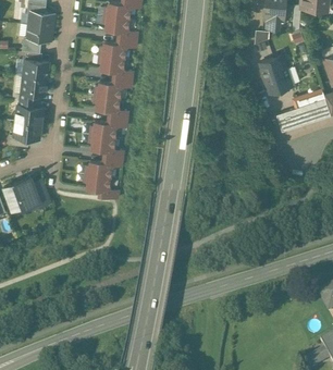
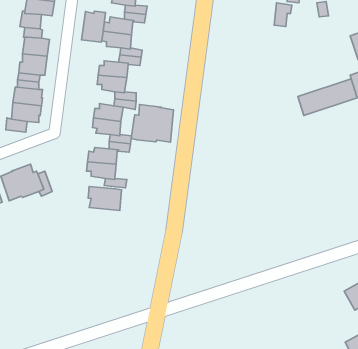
building: none -> [82,11,105,42]
building: [259,54,292,92] -> none
building: none -> [131,104,174,142]
building: none -> [88,186,121,210]

